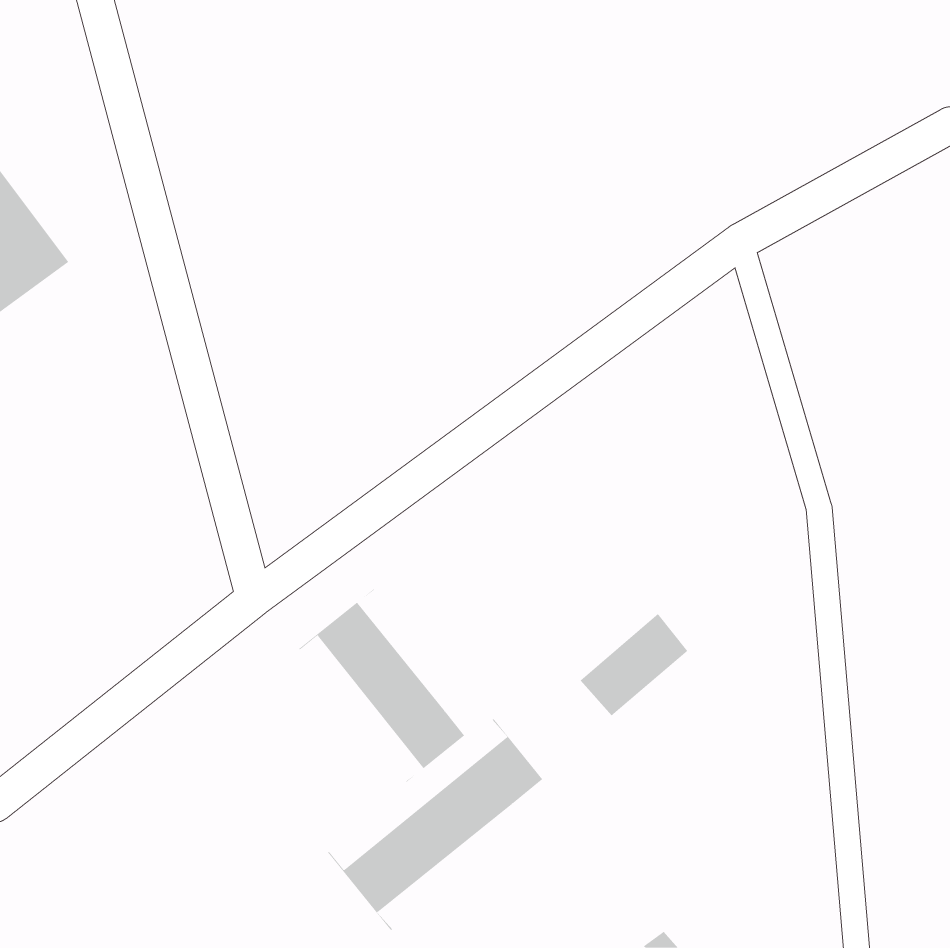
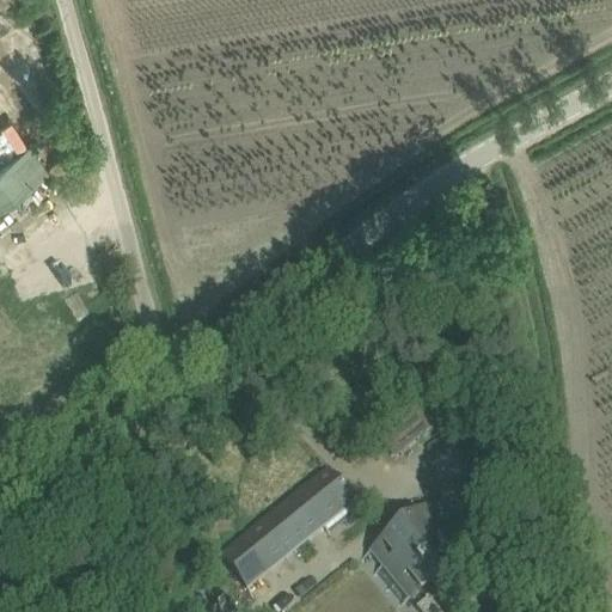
building: [299,588,482,783] -> none
building: none -> [356,496,447,594]

